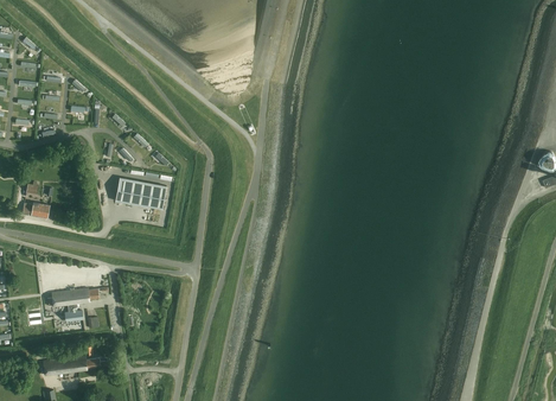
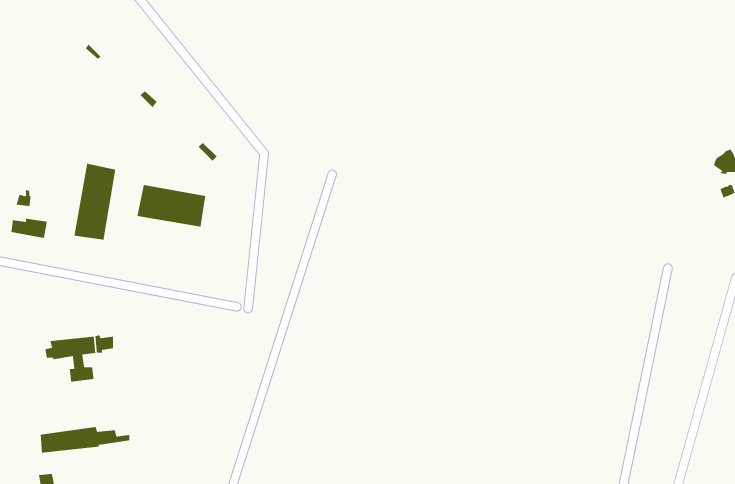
building: none -> [74,163,116,240]

